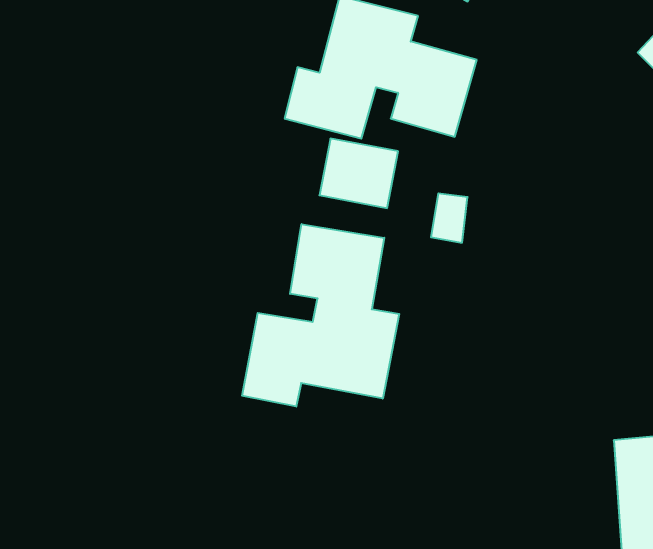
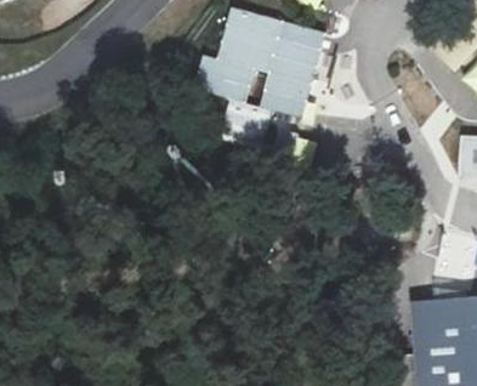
building: [242,224,399,407] -> none

